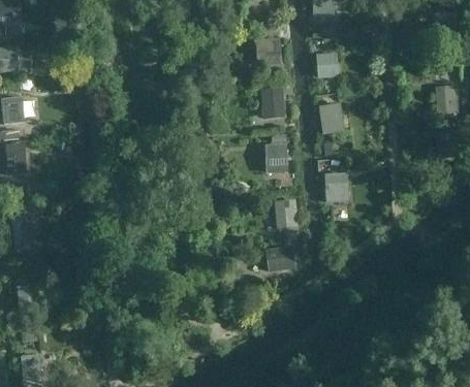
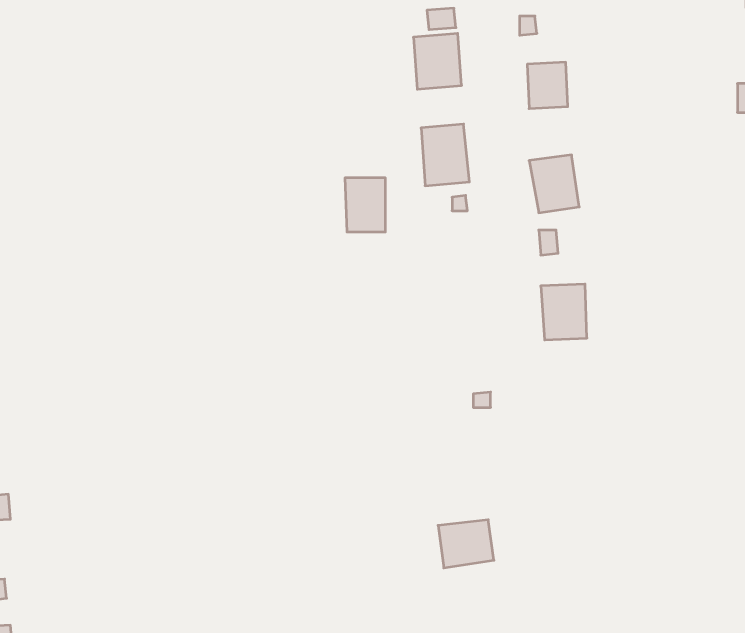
building: [264,143,286,172] -> [345,178,385,232]
building: [273,198,297,228] -> none
building: [264,246,294,271] -> [438,520,494,568]

